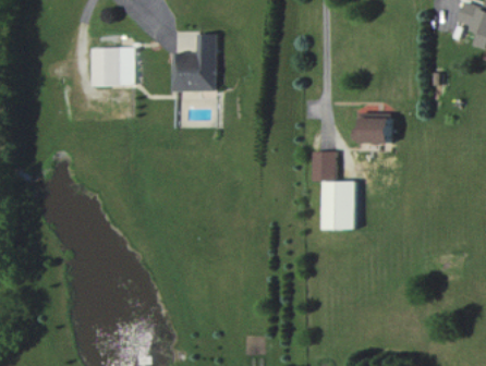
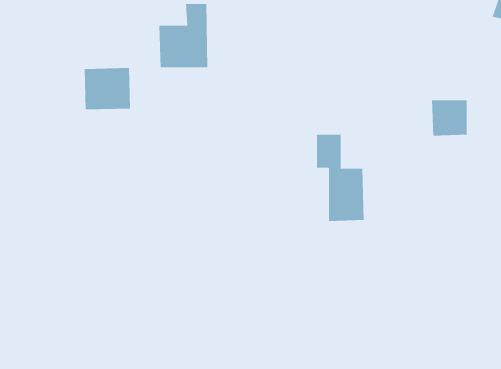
building: [88,48,131,86] -> [84,68,131,110]
building: [359,112,391,145] -> [431,100,468,136]

